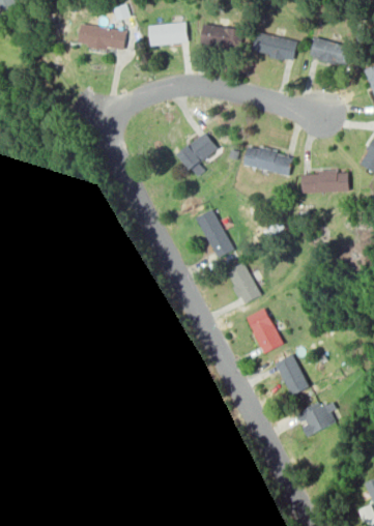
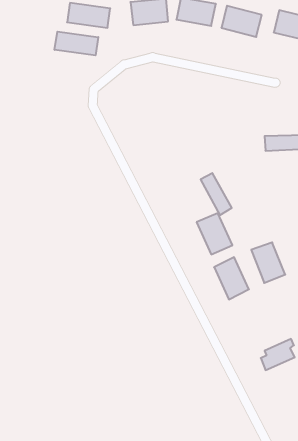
building: none -> [55,32,98,55]
building: [175,127,221,174] -> none
building: [247,144,291,179] -> none
building: [198,208,233,256] -> [201,173,232,215]
building: [271,355,310,401] -> [251,242,285,283]

